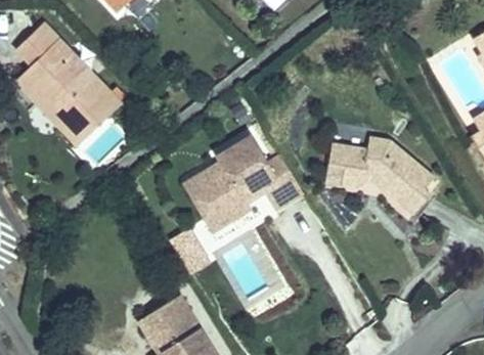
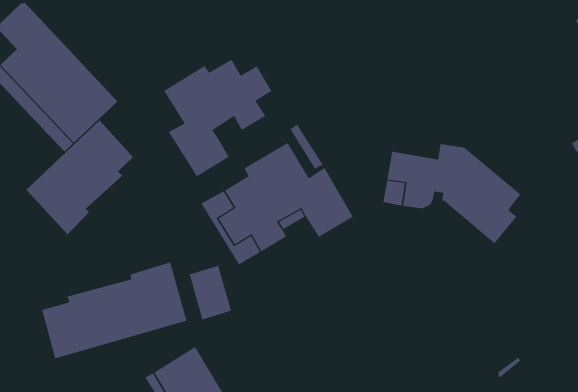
building: none -> [164,59,272,177]
building: none -> [25,120,134,235]
building: none -> [42,261,187,359]

